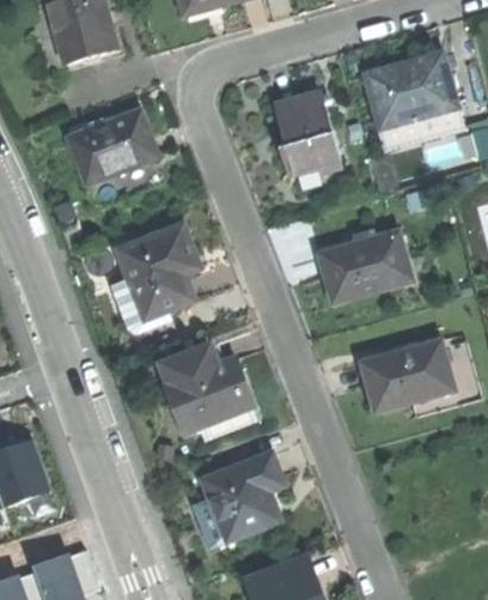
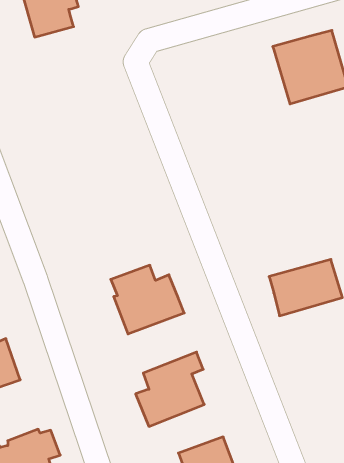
building: [273,91,338,172] -> none
building: [71,110,158,180] -> none
building: [118,226,195,320] -> none
building: [316,231,407,301] -> none

